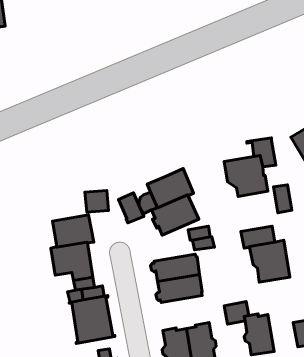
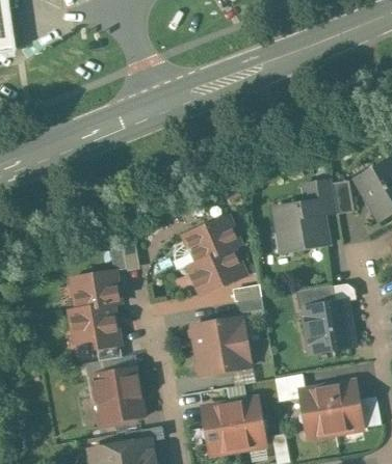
building: [273,185,292,213] -> [331,182,352,215]
building: [119,193,144,223] -> none
building: none -> [326,383,362,434]

